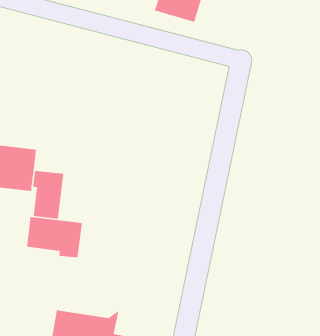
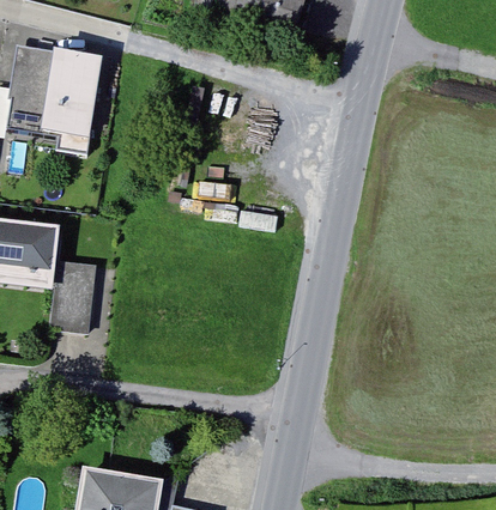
building: none -> [8,42,105,132]
building: [26,216,83,258] -> none

